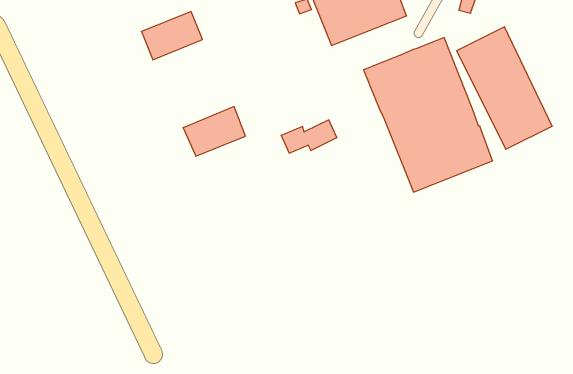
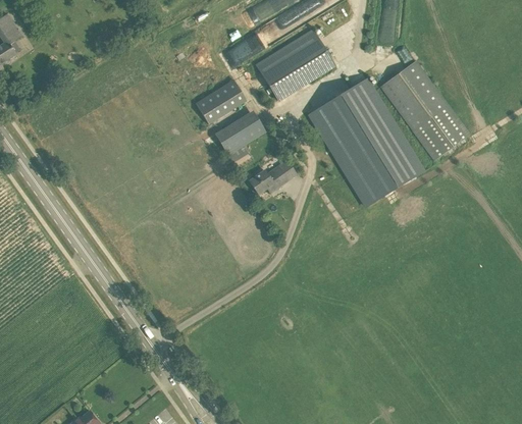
building: [141,11,202,60] -> [196,80,247,124]
building: [183,107,245,156] -> [214,110,266,156]

